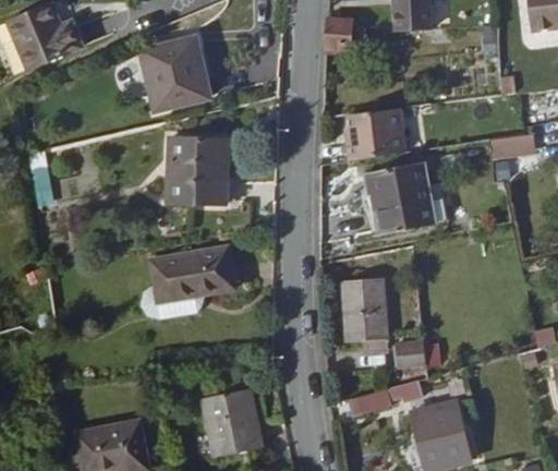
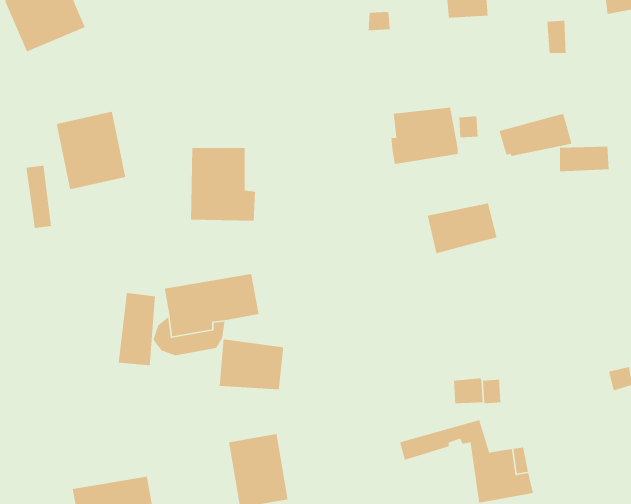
building: [146,40,207,109] -> [56,111,126,190]
building: [365,162,429,201] -> [498,113,573,157]
building: none -> [118,292,156,366]
building: [345,275,392,347] -> none
building: none -> [219,339,284,390]

